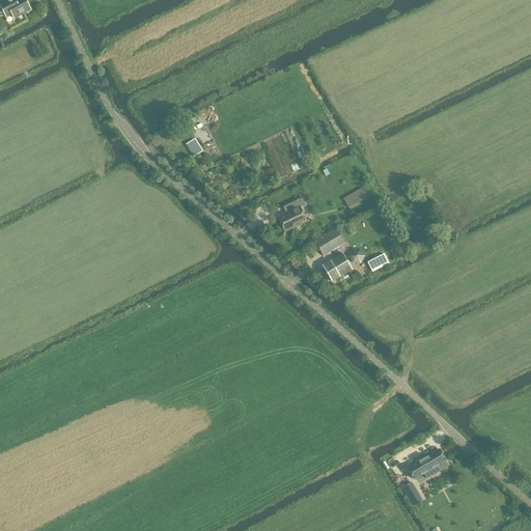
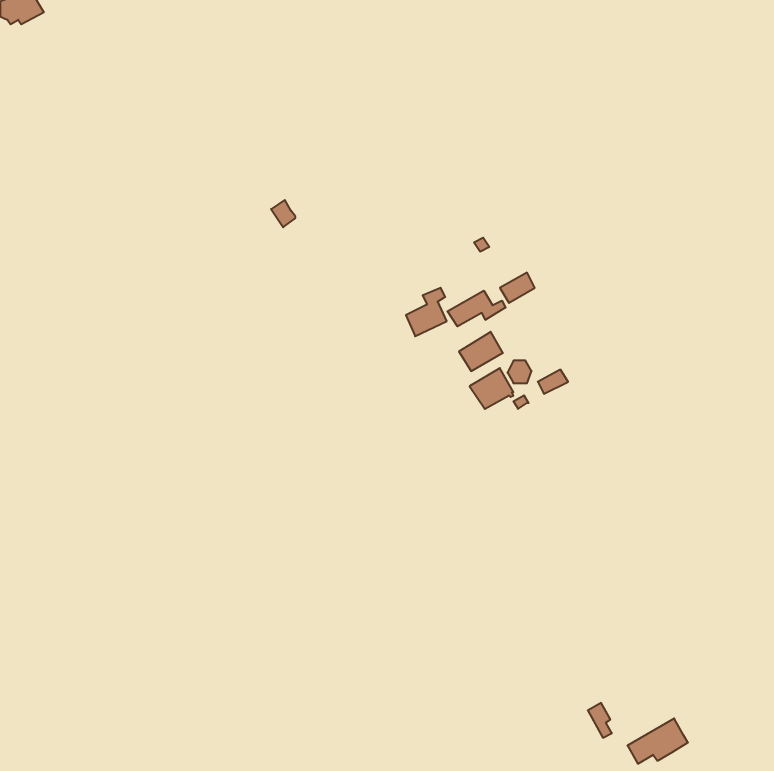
building: none -> [447,291,506,326]
building: [407,448,448,479] -> [627,718,688,764]

